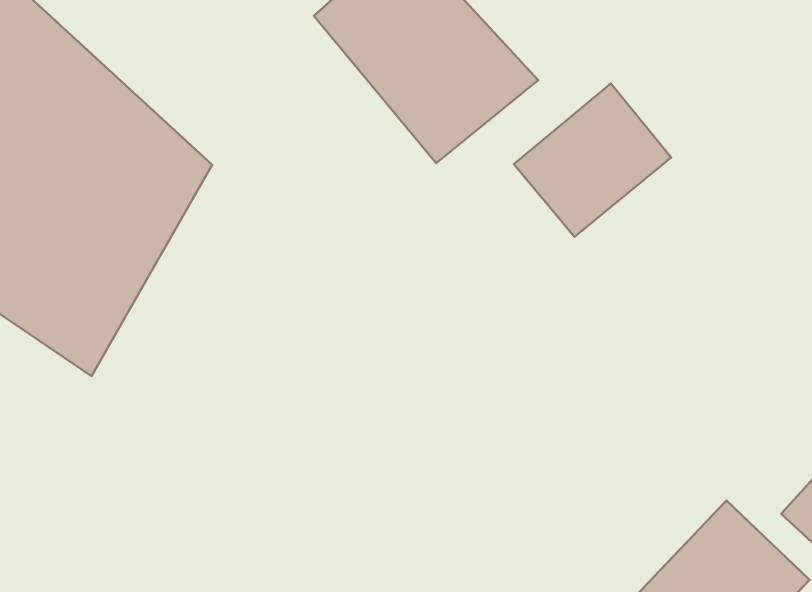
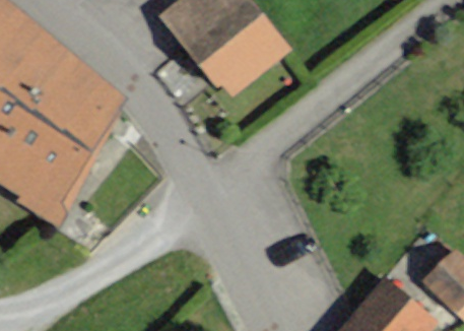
building: [514,84,671,237] -> none

